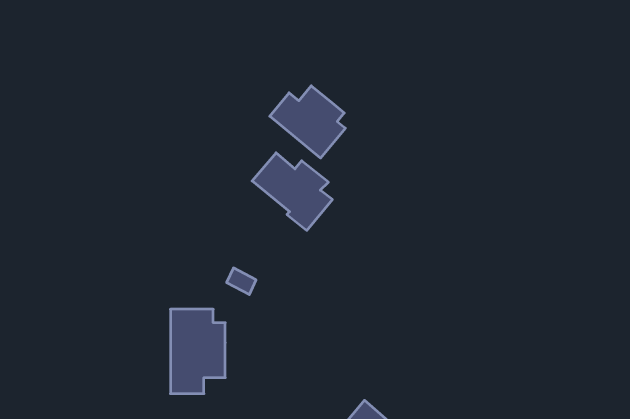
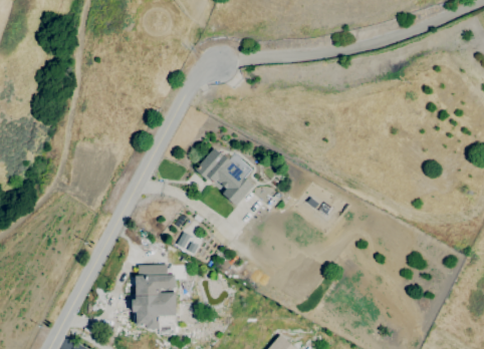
building: [270,86,345,158] -> none

